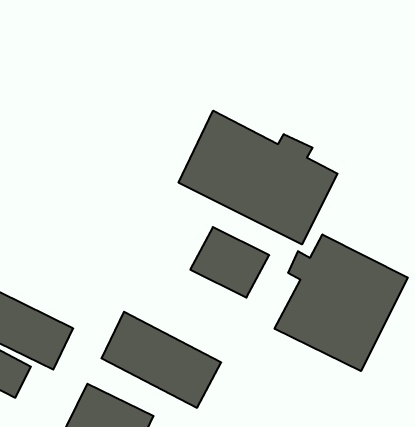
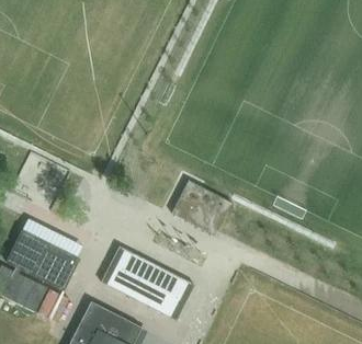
building: [179,111,338,244] -> none
building: [275,234,408,371] -> none

